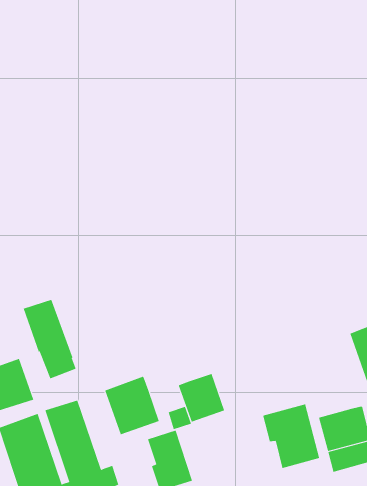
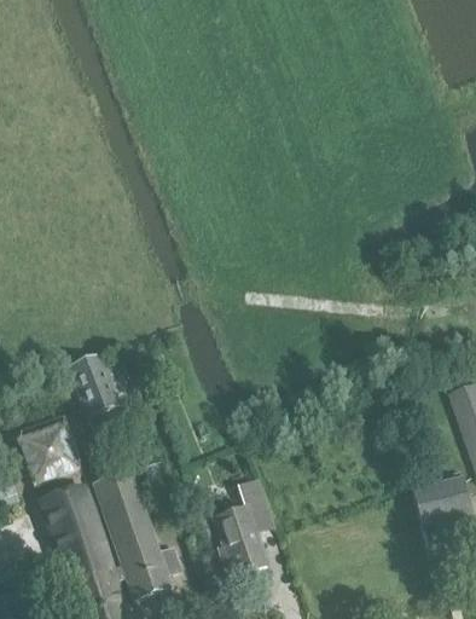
building: [178,373,225,423] -> none
building: [105,376,160,435] -> none
building: [263,403,320,469] -> none

